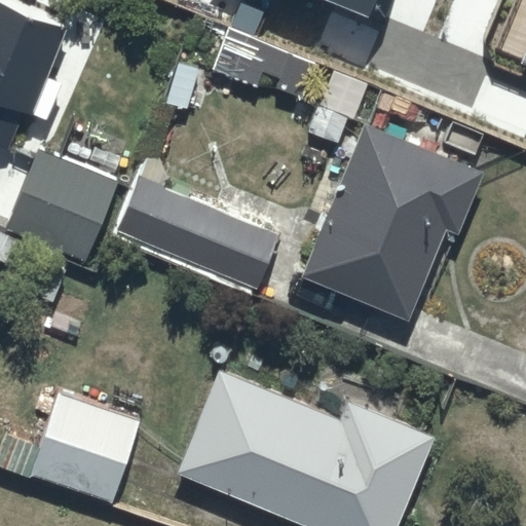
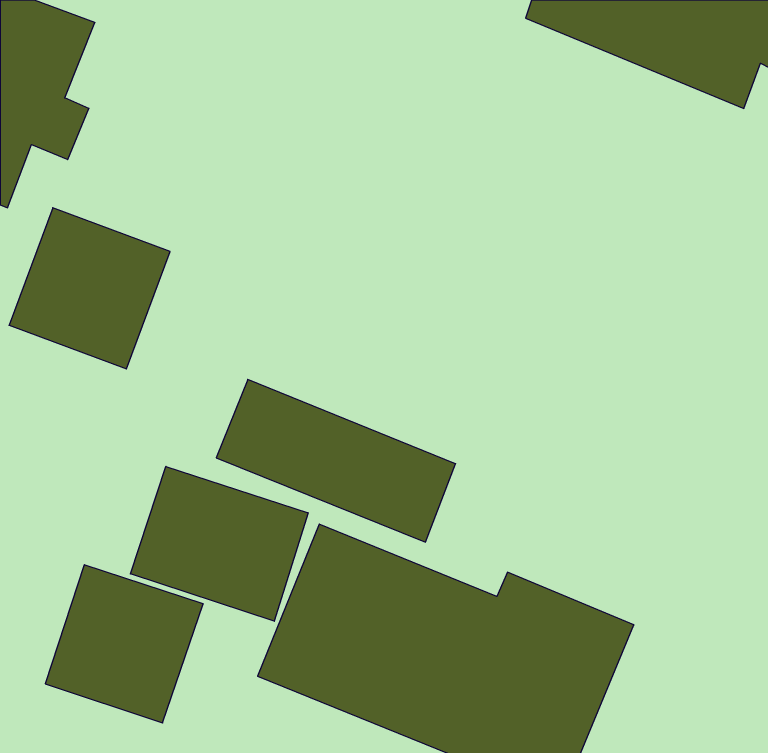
building: [300,121,483,320] -> none
building: [115,180,278,291] -> [216,379,456,542]
building: none -> [130,466,308,621]

